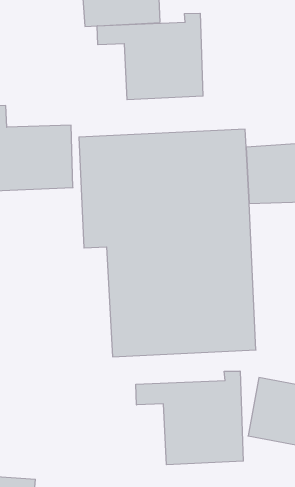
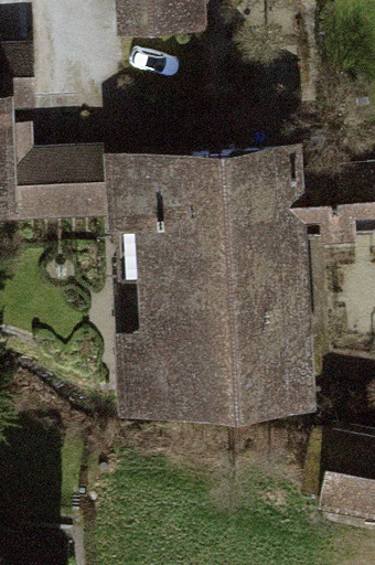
building: [97,13,203,100] -> none
building: [136,371,243,465] -> none

